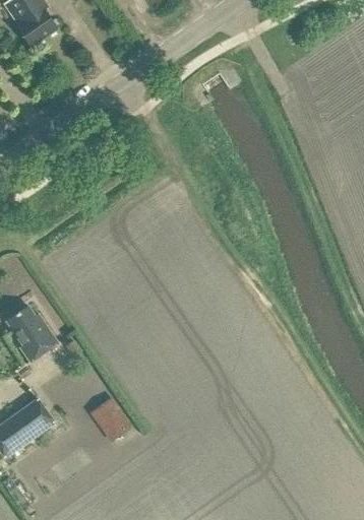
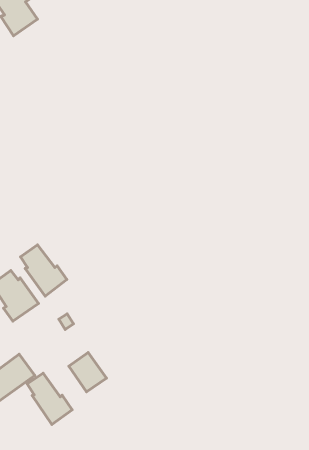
building: none -> [20,245,67,296]
building: none -> [27,373,72,424]

